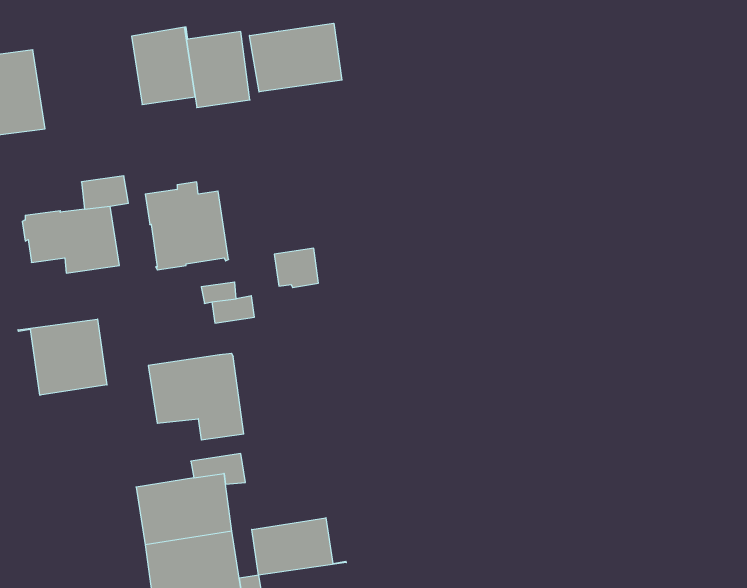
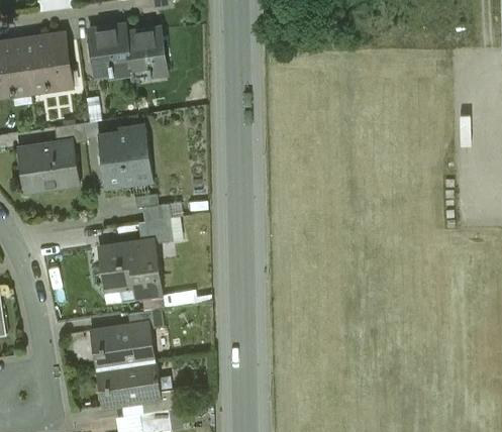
building: [250,23,342,92] -> none
building: none -> [22,34,70,93]
building: [274,248,318,288] -> [143,218,173,244]
building: [18,319,107,395] -> none
building: [252,518,346,575] -> none

